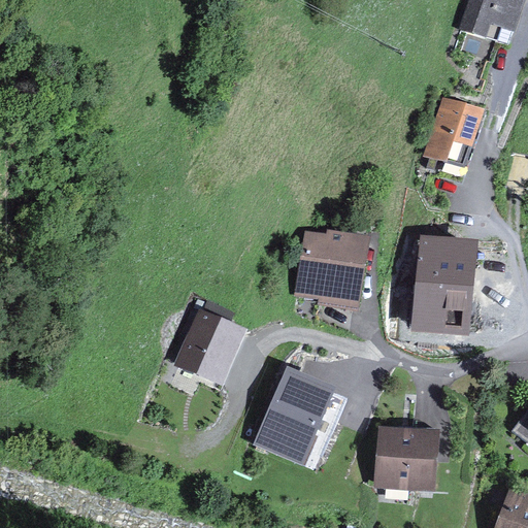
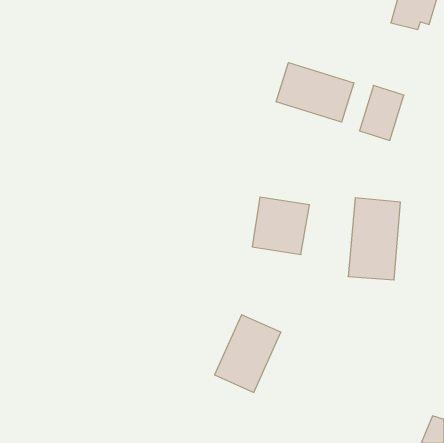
building: none -> [276,63,354,122]
building: [175,309,242,383] -> none
building: [375,432,432,486] -> none

